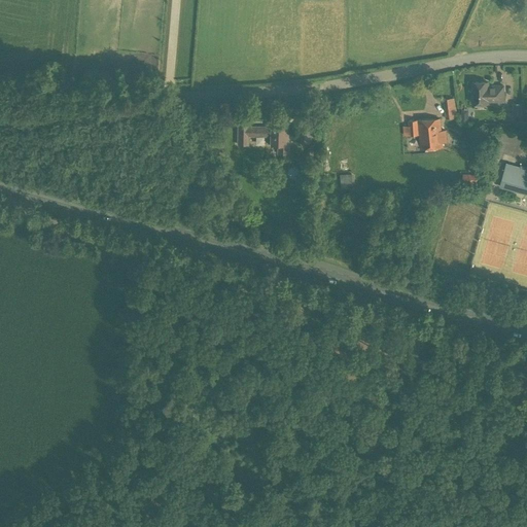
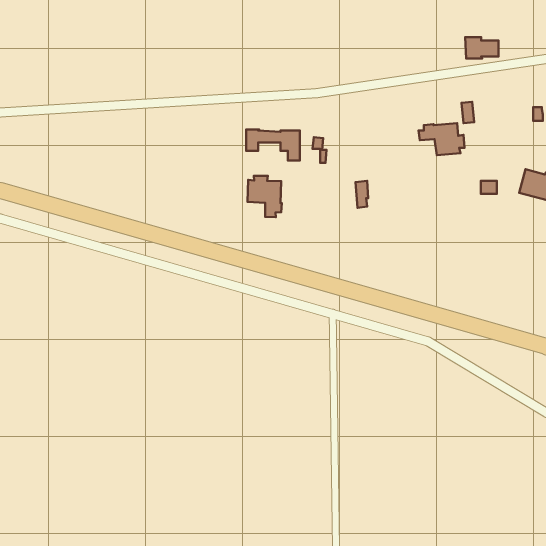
building: [472,83,504,104] -> [465,37,498,59]
building: none -> [248,176,282,217]

